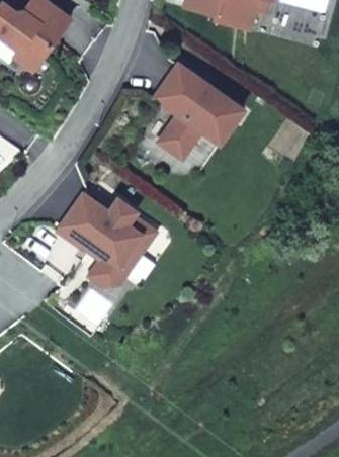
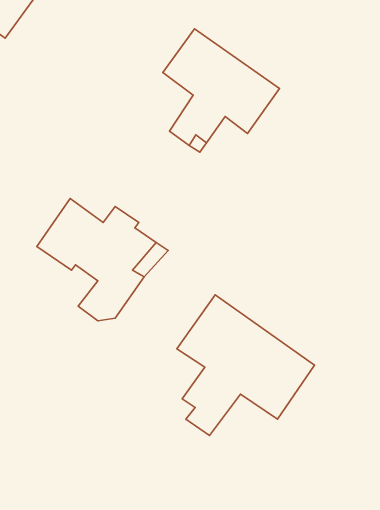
building: none -> [177,295,314,436]

